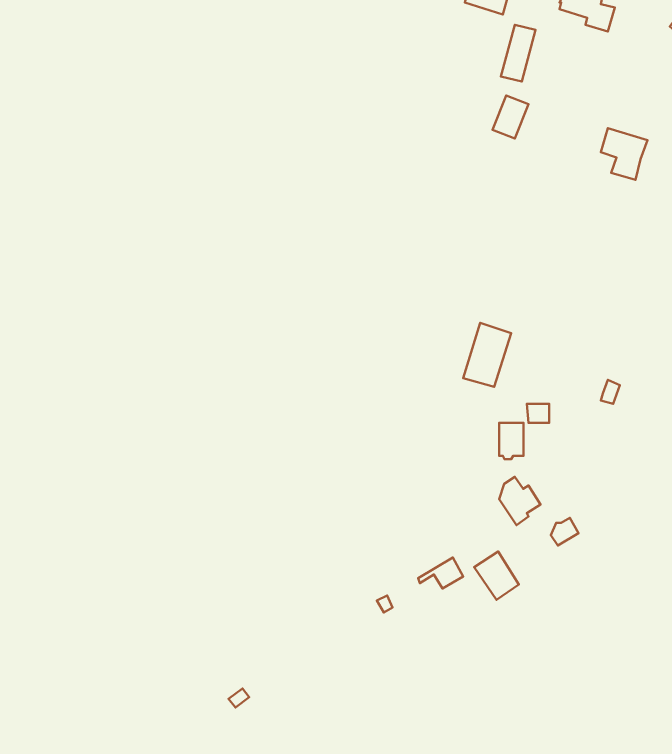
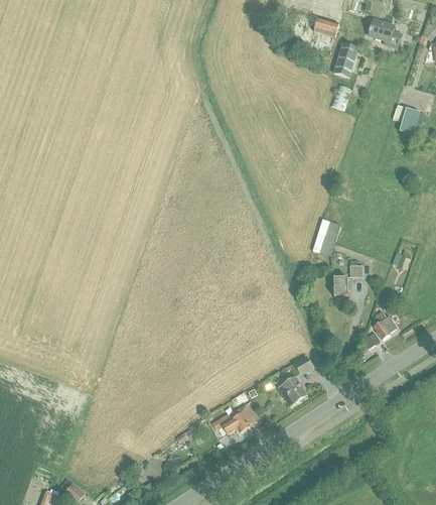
building: [499,477,541,525] -> [373,311,397,340]
building: [474,552,519,600] -> [281,376,307,404]
building: none -> [212,404,255,434]

